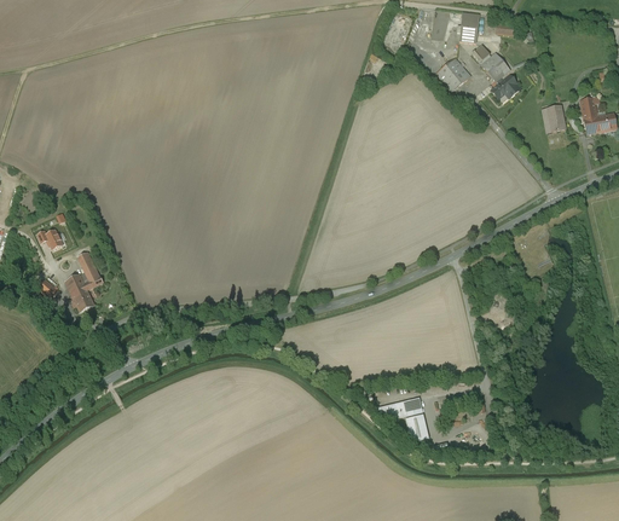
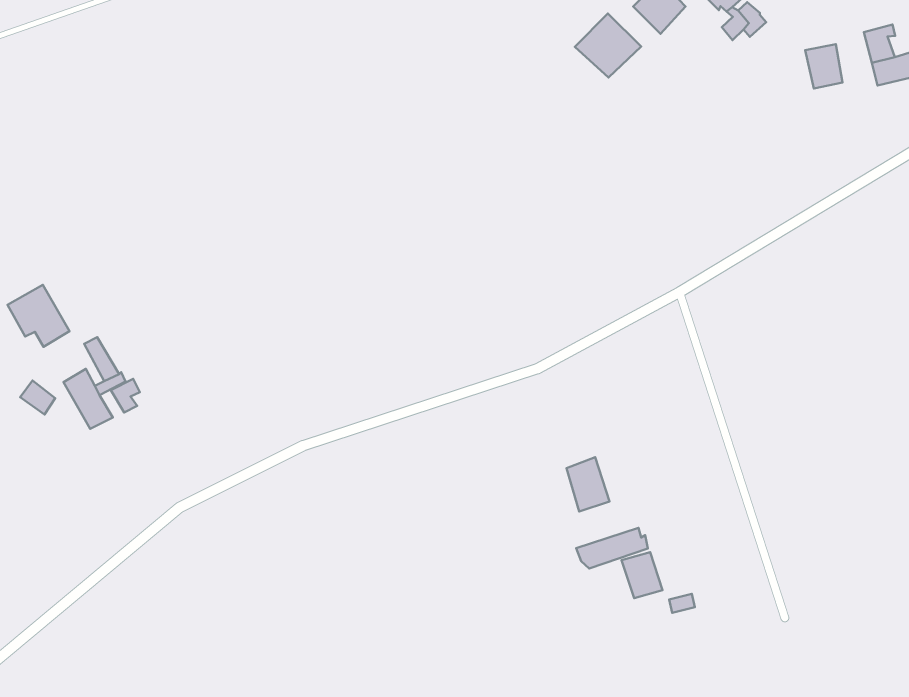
building: none -> [575,14,641,78]
building: none -> [566,457,609,511]

